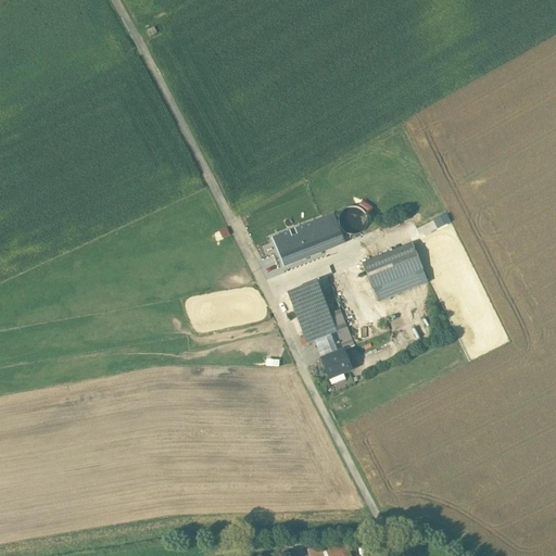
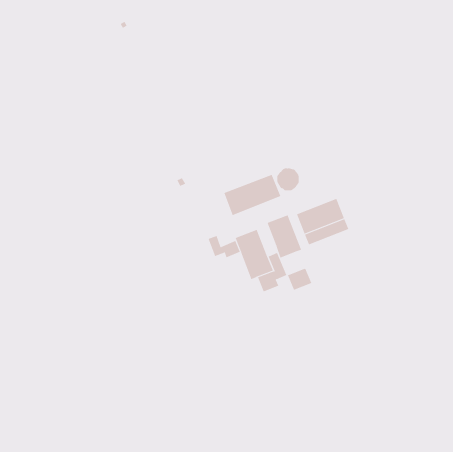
building: none -> [267,214,302,259]
building: none -> [208,235,240,258]
building: [320,350,351,377] -> [287,268,312,290]

